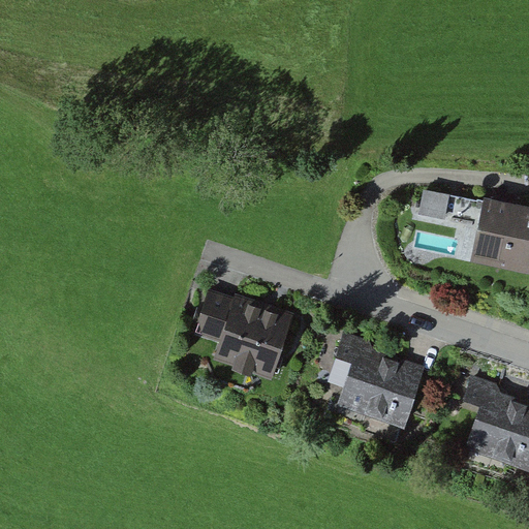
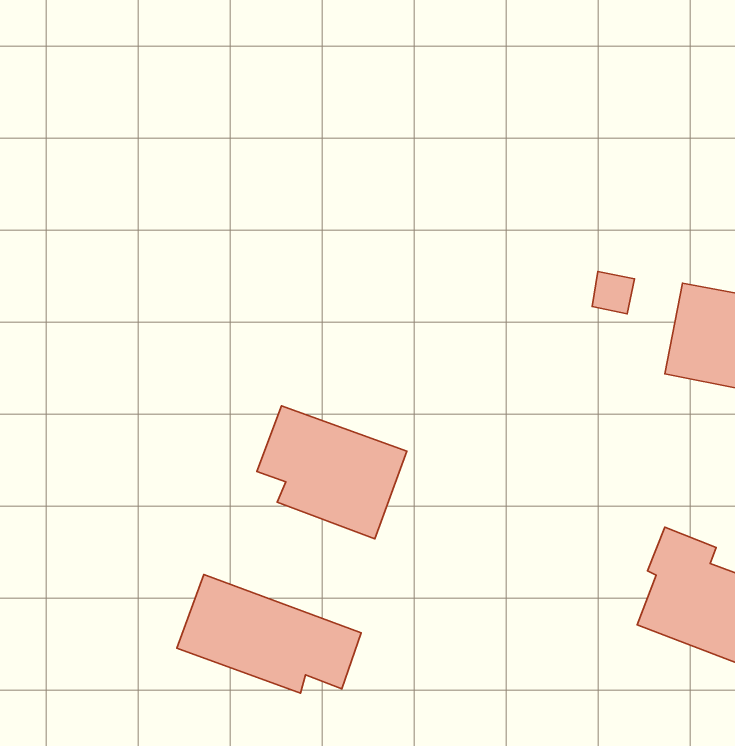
building: [328,332,418,427] -> none
building: none -> [177,574,361,693]

